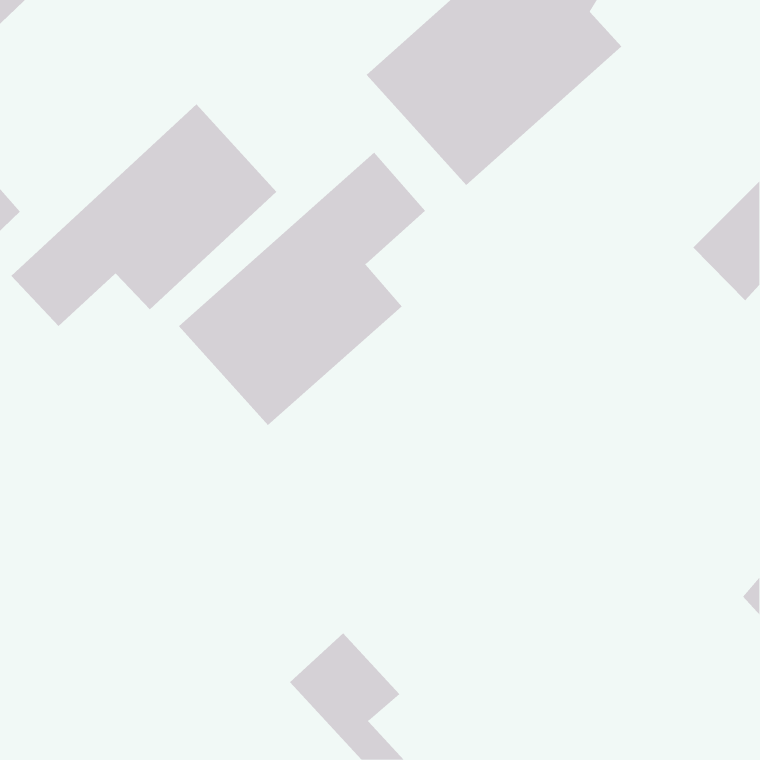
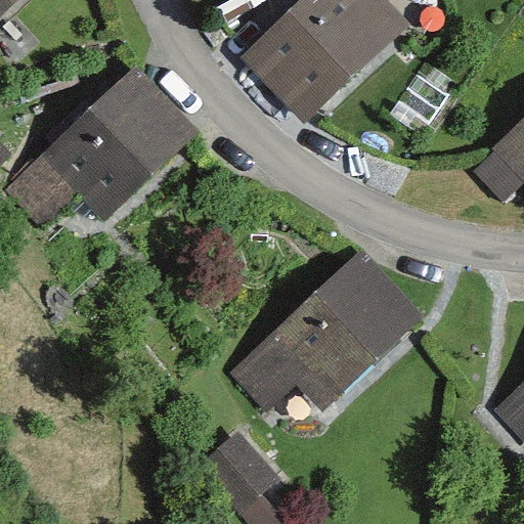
building: [178,152,426,426] -> none
building: none -> [231,252,419,411]

